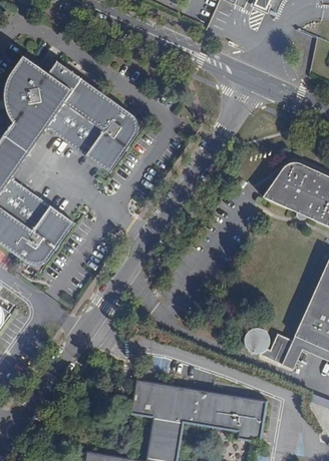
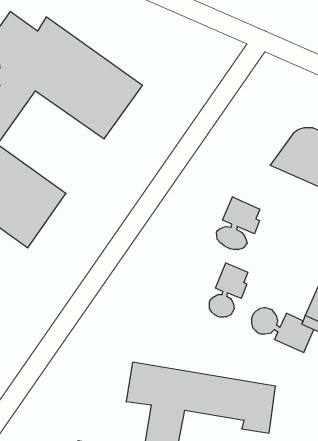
building: none -> [216,197,260,250]
building: none -> [209,263,248,317]

